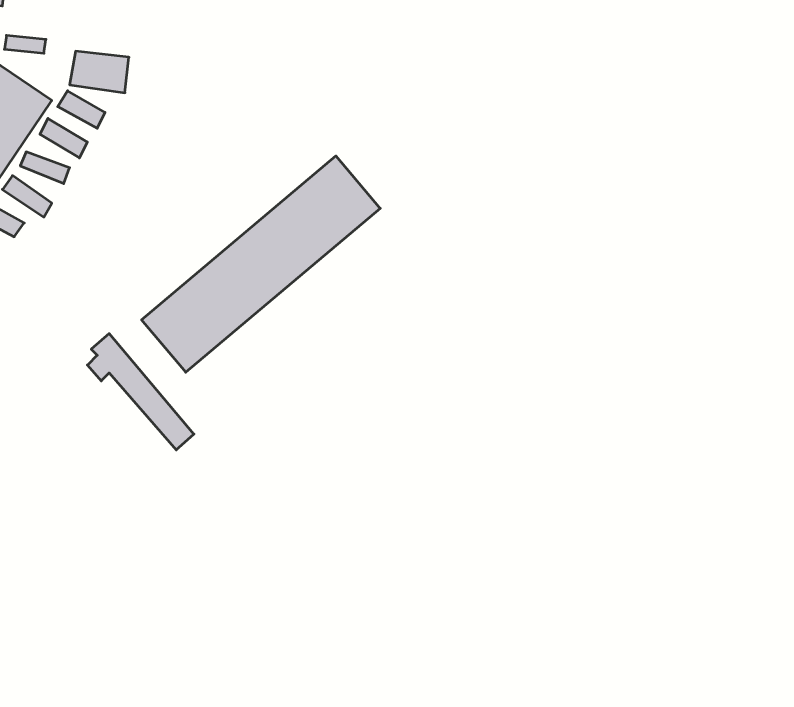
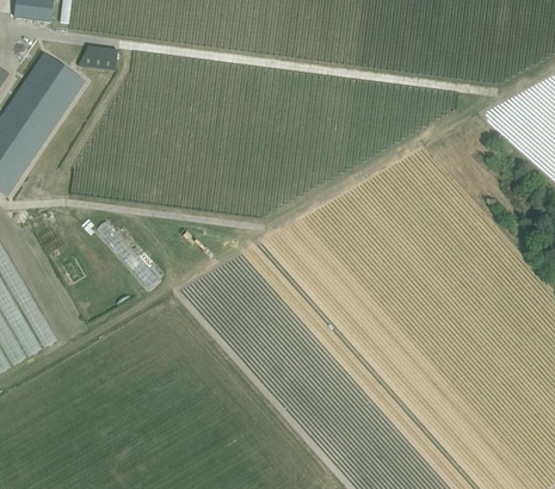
building: [142,156,380,372] -> none

